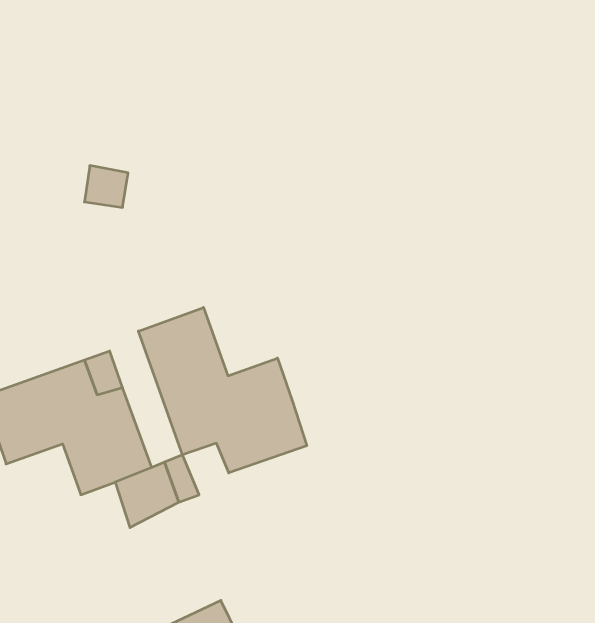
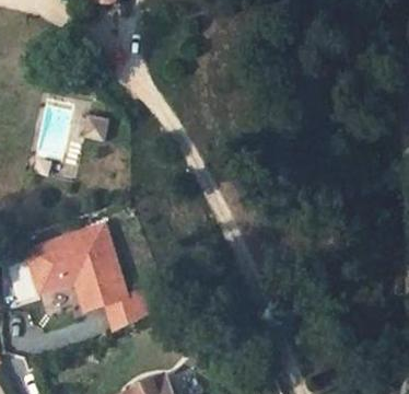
building: [138,307,307,473] -> none

